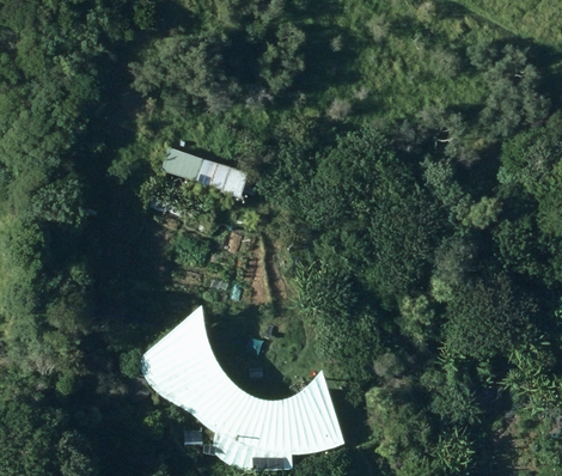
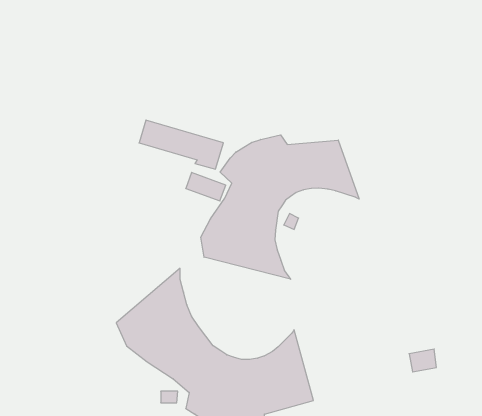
building: none -> [201,135,359,279]

